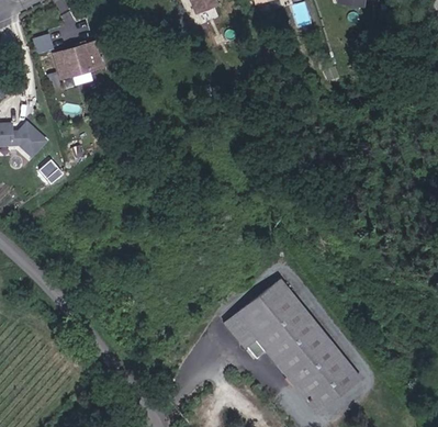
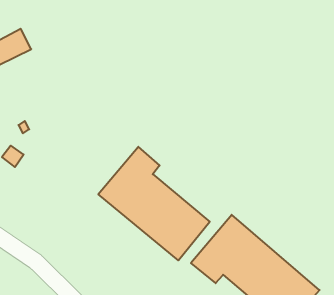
building: none -> [98,147,210,260]

